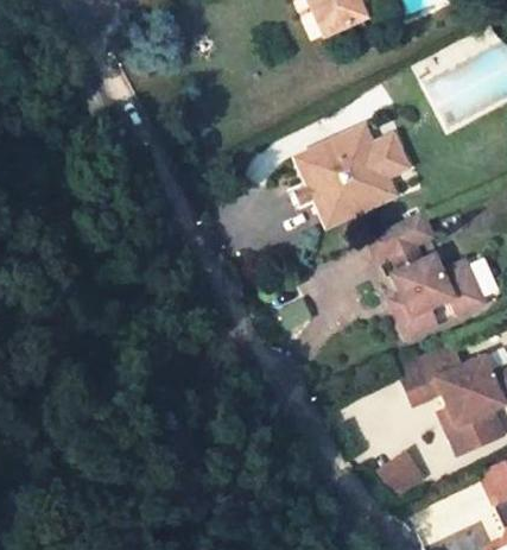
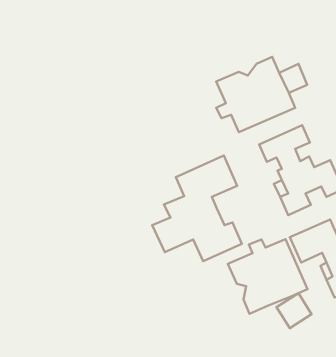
building: none -> [152,155,242,261]
building: none -> [228,239,307,314]

